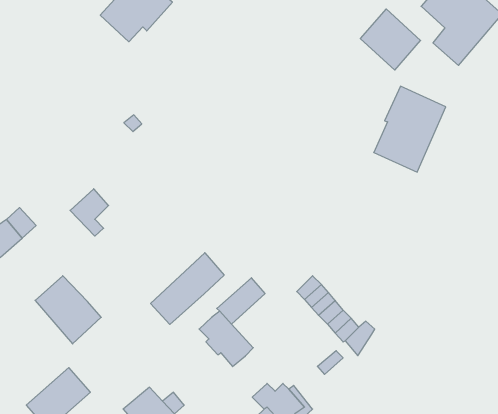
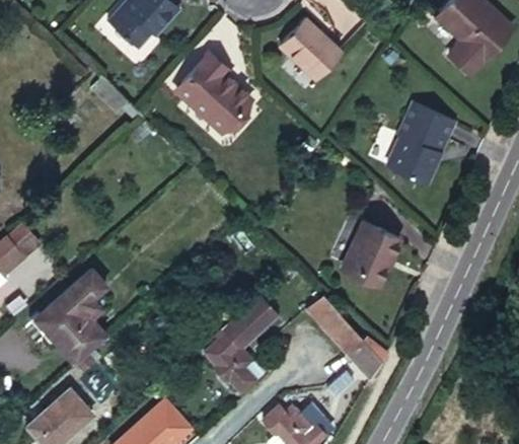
building: [360,9,421,70] -> [281,17,343,80]
building: none -> [177,54,251,131]
building: [70,189,109,236] -> [65,273,104,321]
building: none -> [341,219,404,285]
building: [151,253,224,324] -> none

